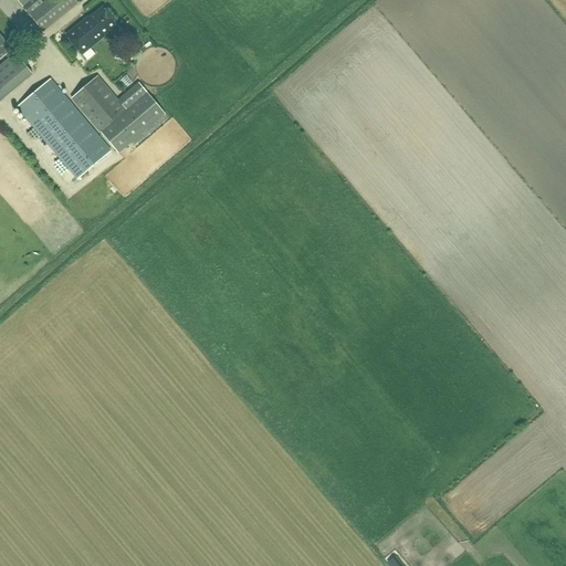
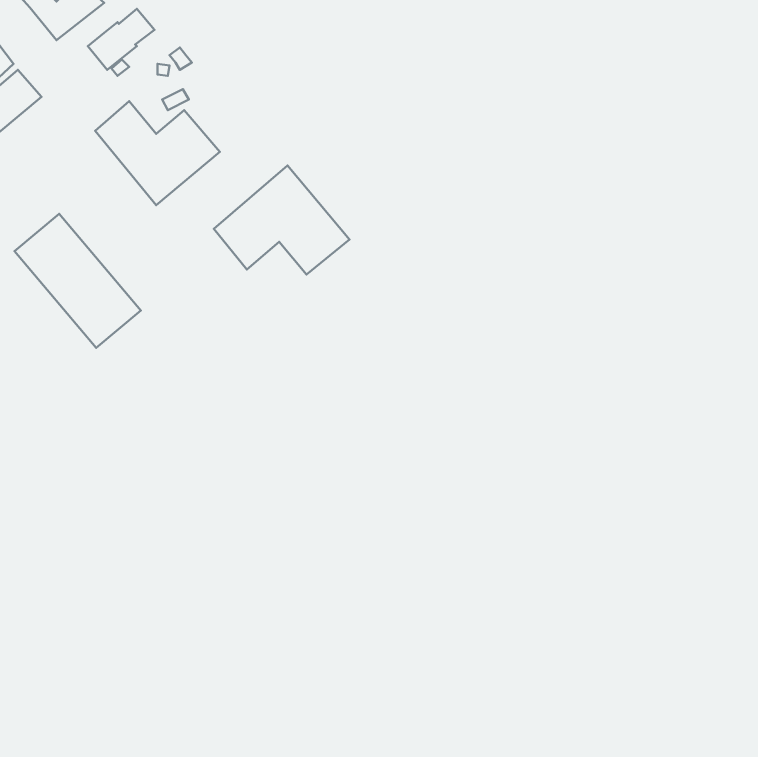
building: [15,77,109,177] -> [14,214,141,348]
building: none -> [214,166,349,275]

